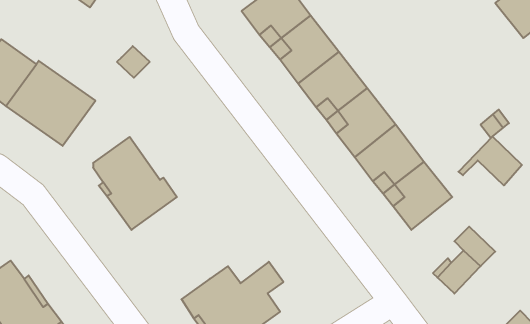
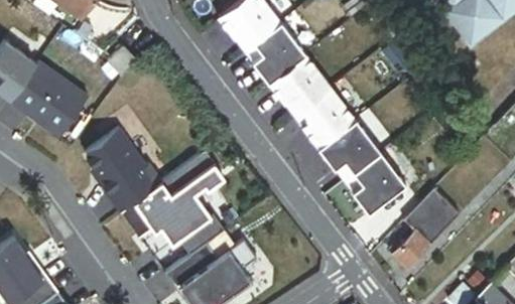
building: [458,137,522,185] -> [403,187,460,231]
building: none -> [120,151,224,255]

